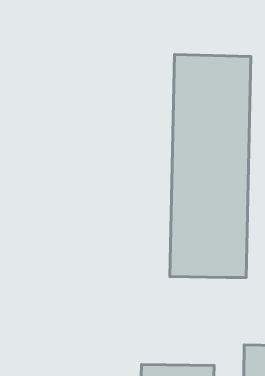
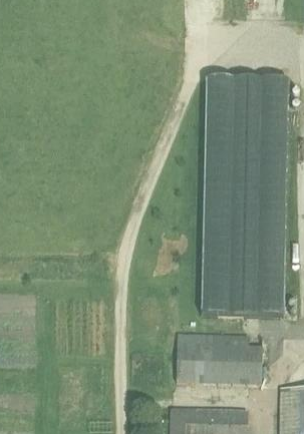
building: none -> [178,333,262,385]

